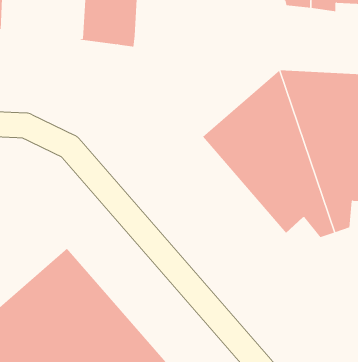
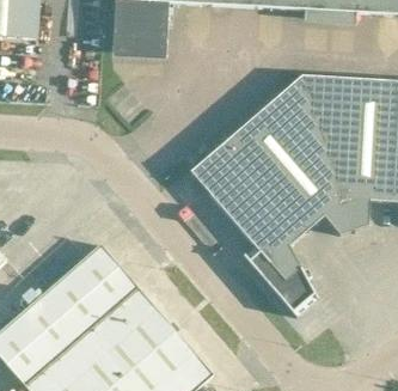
building: none -> [191,139,318,317]

